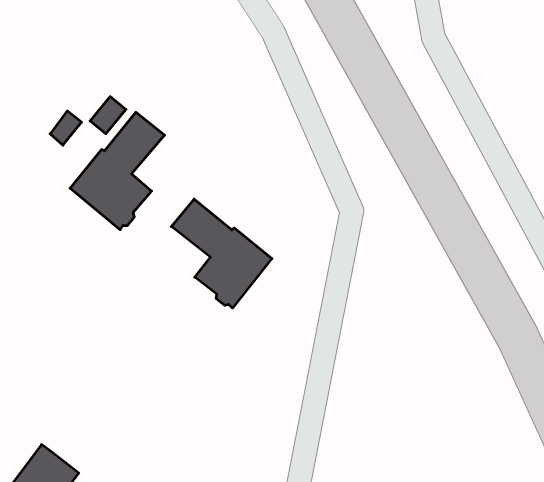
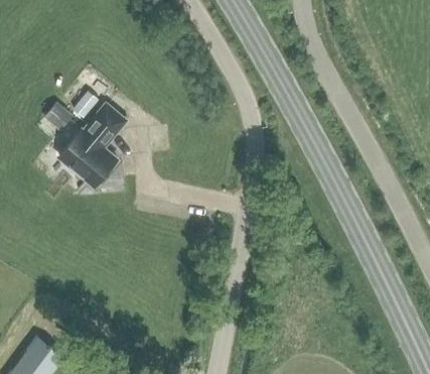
building: [171,199,272,308] -> none

